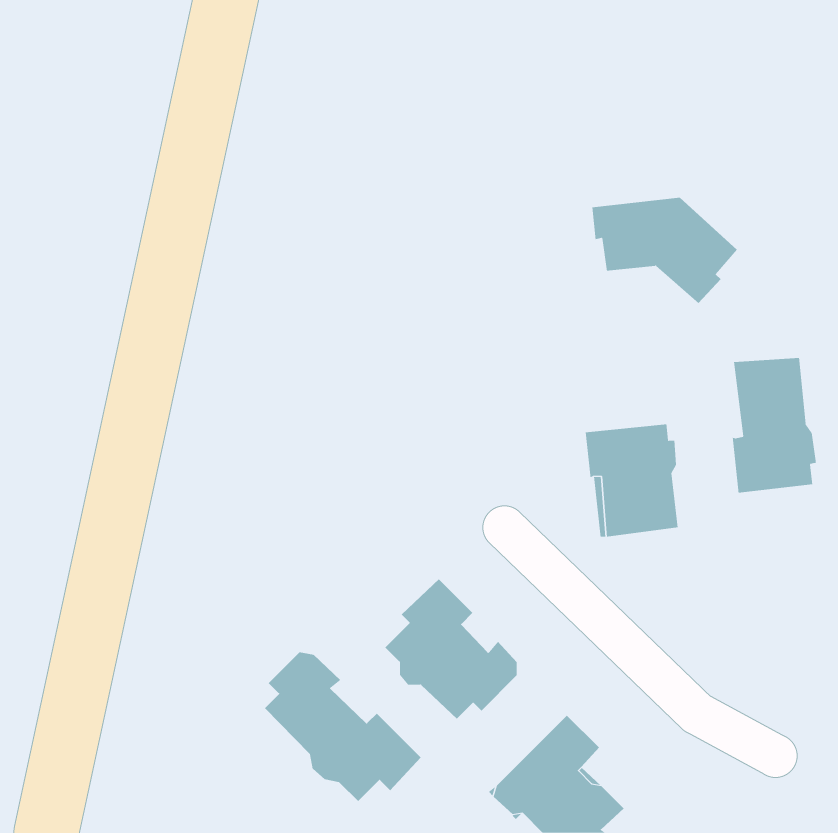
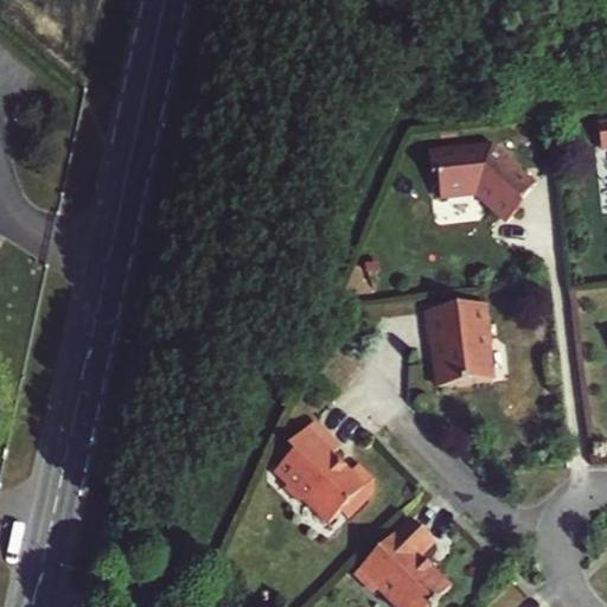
building: [732,357,816,493] -> none
building: [264,651,421,802] -> none

